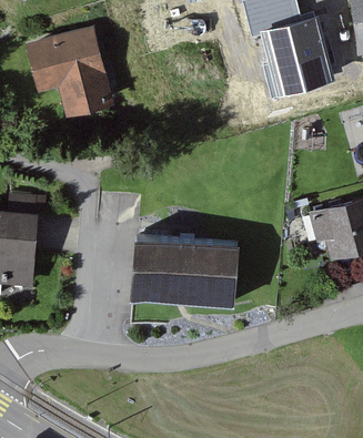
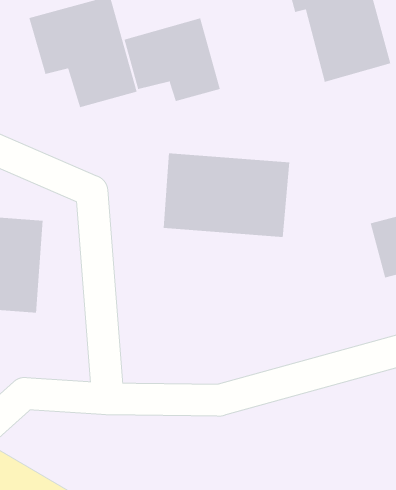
building: none -> [124,18,220,102]
building: [131,236,236,306] -> [163,153,290,237]

